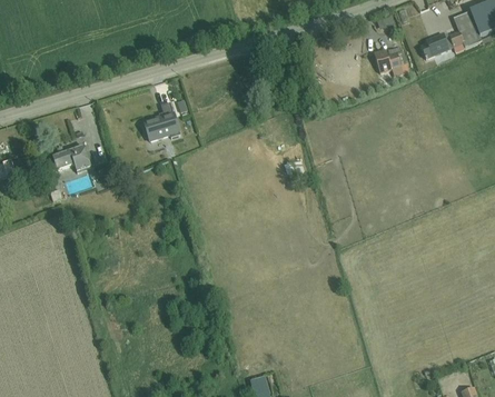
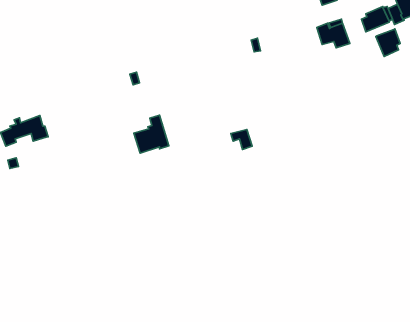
building: none -> [376,29,400,57]
building: [143,103,180,143] -> [134,115,169,153]

